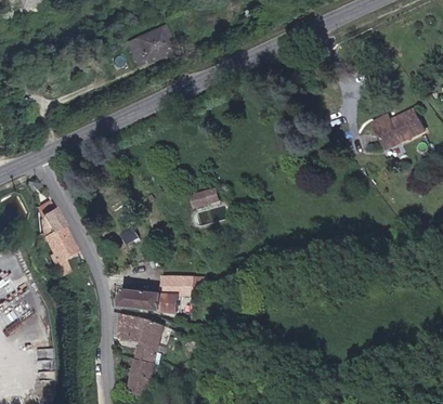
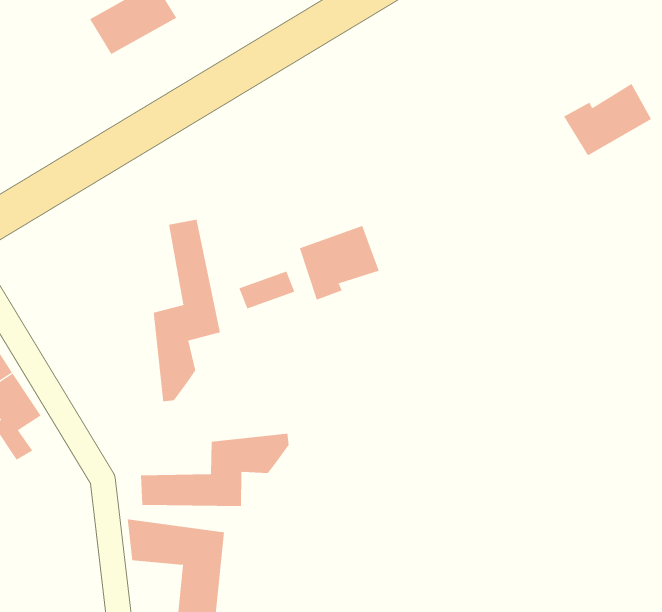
building: none -> [153,219,221,402]
building: none -> [299,225,380,300]

